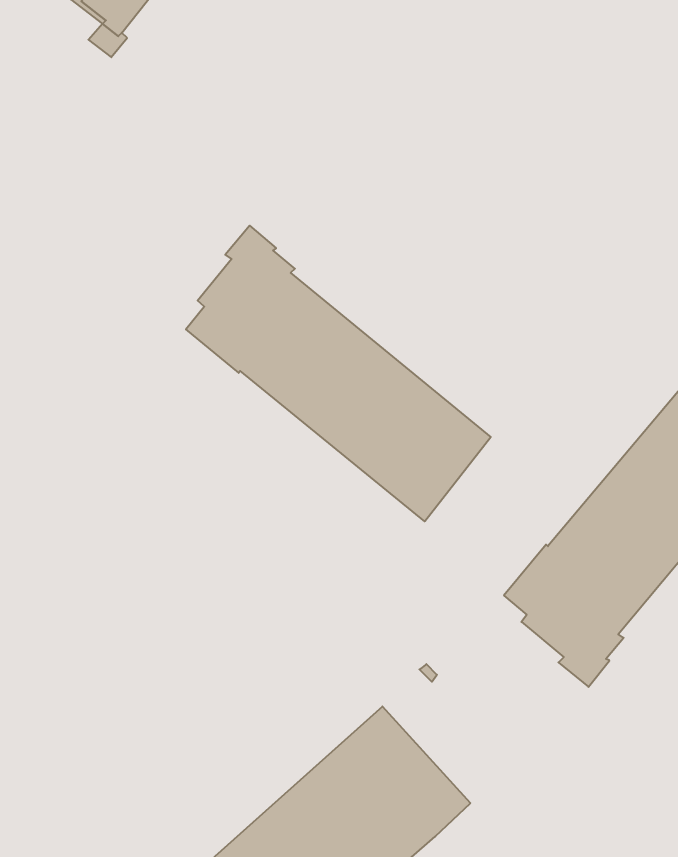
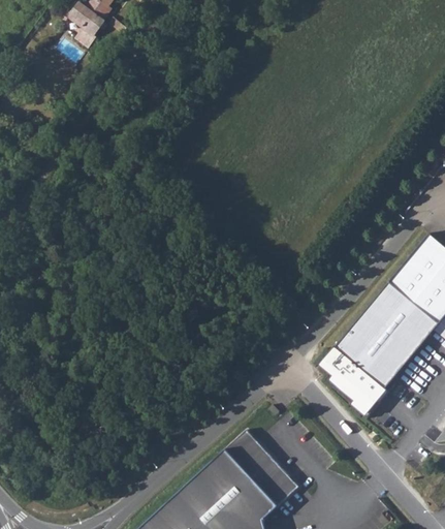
building: [186,226,491,521] -> none

